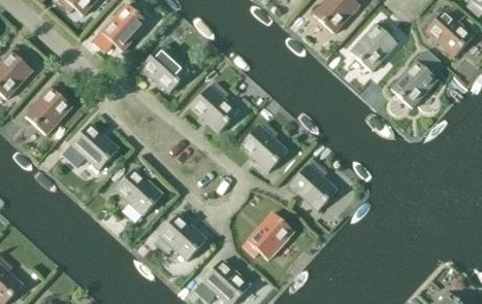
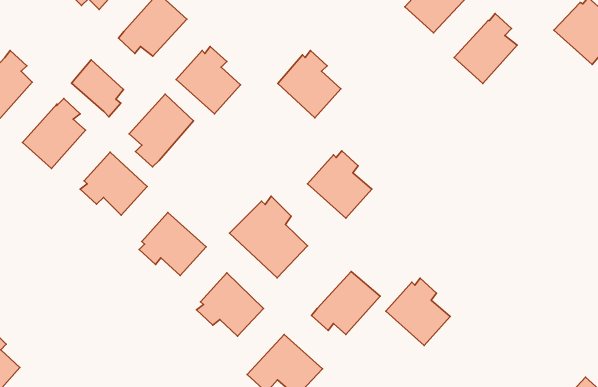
building: [390,49,439,107] -> none
building: none -> [71,60,123,117]
building: none -> [129,94,193,167]
building: [190,82,237,133] -> [278,51,341,118]
building: none -> [230,196,307,278]
building: [288,161,336,211] -> [386,278,450,345]

